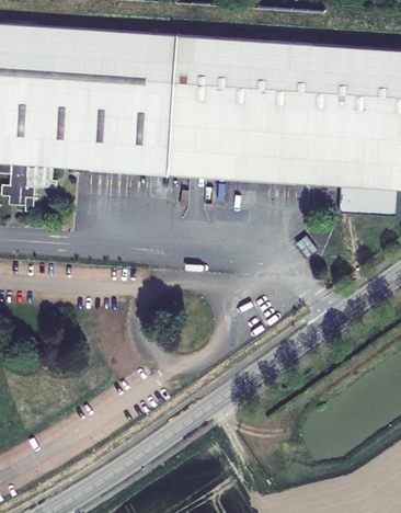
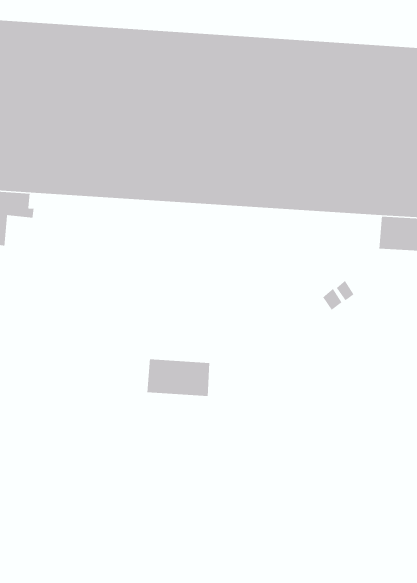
building: none -> [146,358,210,397]

